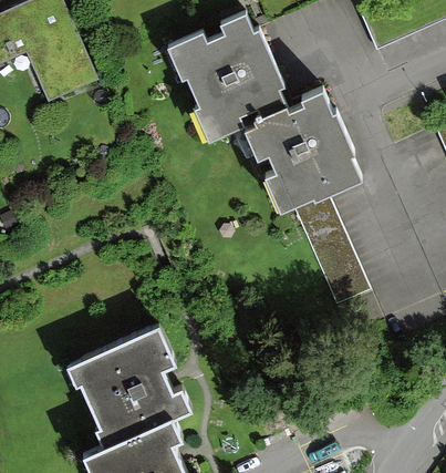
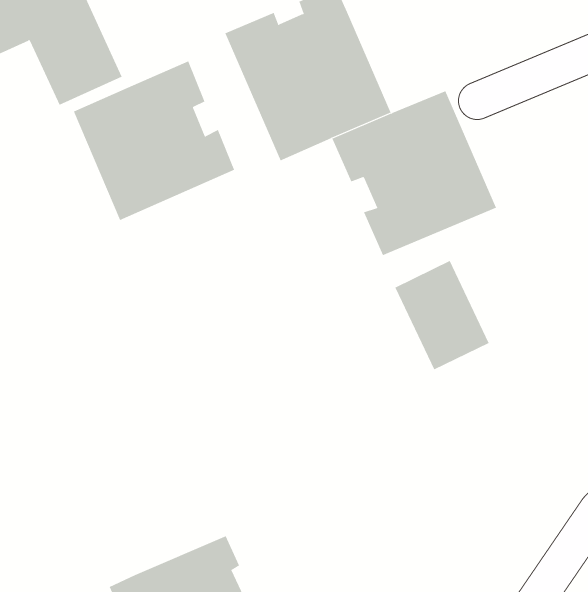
building: none -> [73,61,235,221]
building: [70,330,190,446] -> none

